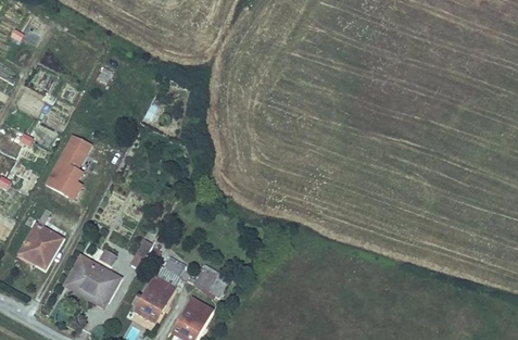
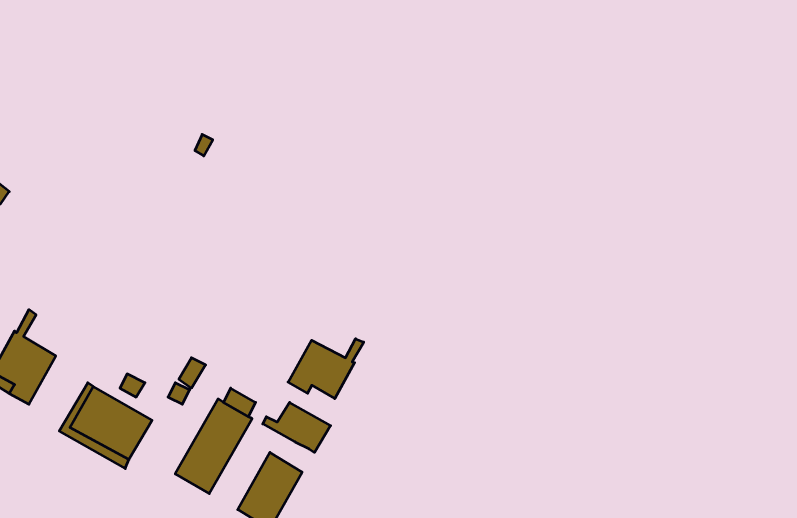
building: [45,131,92,200] -> none
building: none -> [288,339,364,399]

